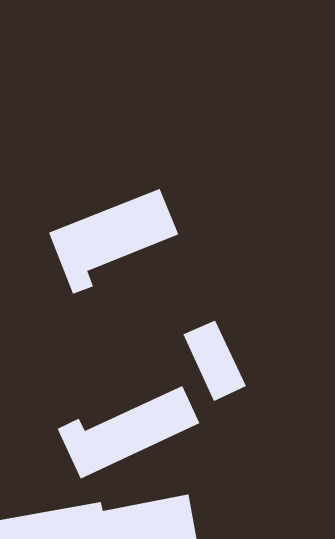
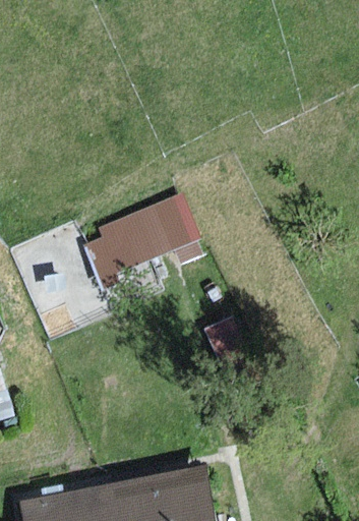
building: [57,385,200,479] -> none

